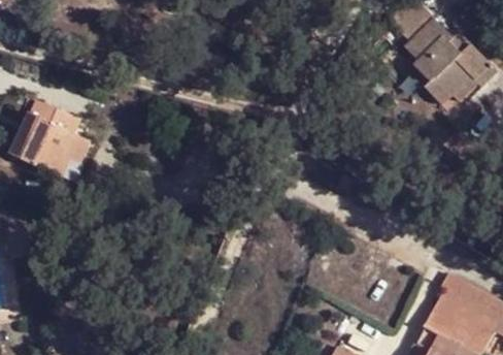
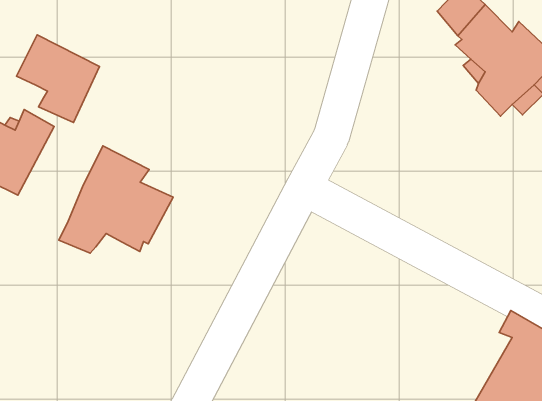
building: none -> [16,35,99,123]
building: none -> [59,146,173,253]

